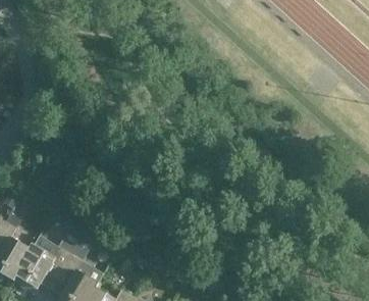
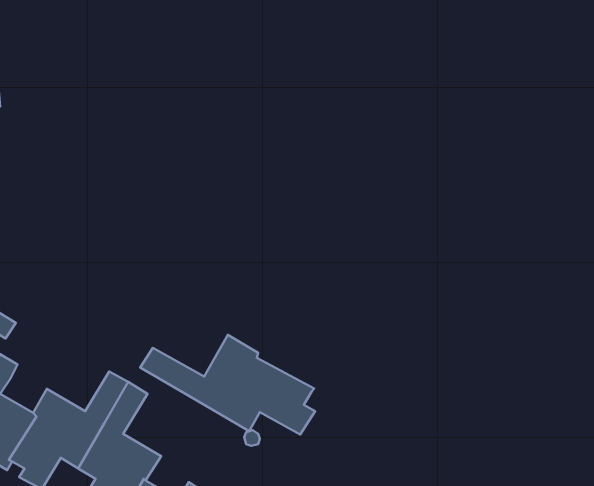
building: none -> [140,335,315,435]

